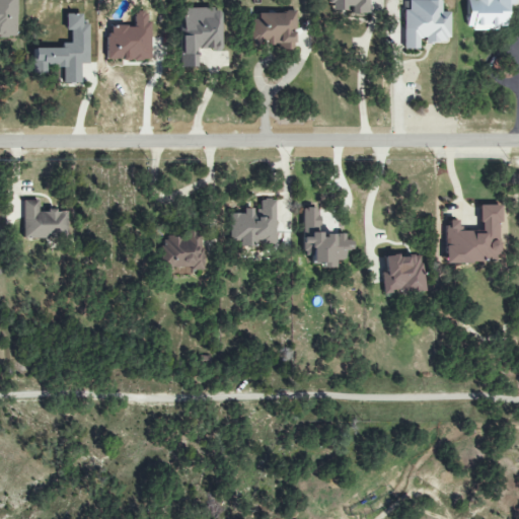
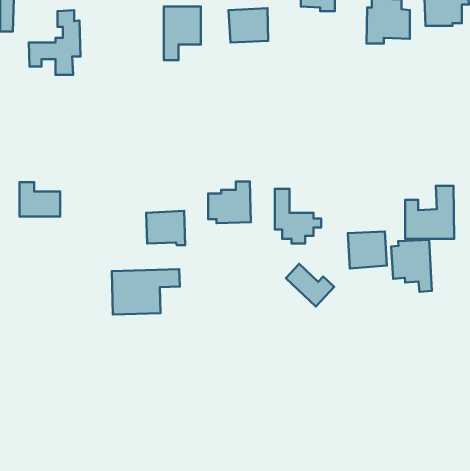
building: [107,10,152,59] -> none
building: none -> [391,240,432,292]
building: none -> [286,264,334,306]
building: none -> [112,269,180,314]

